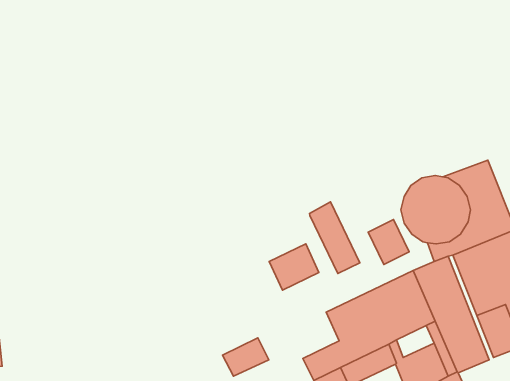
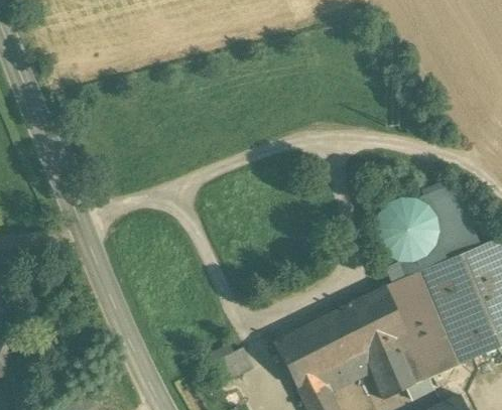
building: [310,202,360,273] -> none
building: [368,219,409,264] -> none
building: [269,244,319,290] -> [273,324,319,367]
building: none -> [371,336,405,366]

